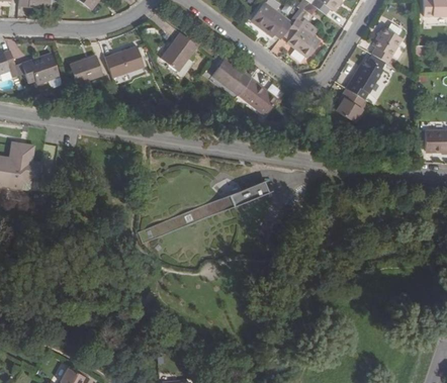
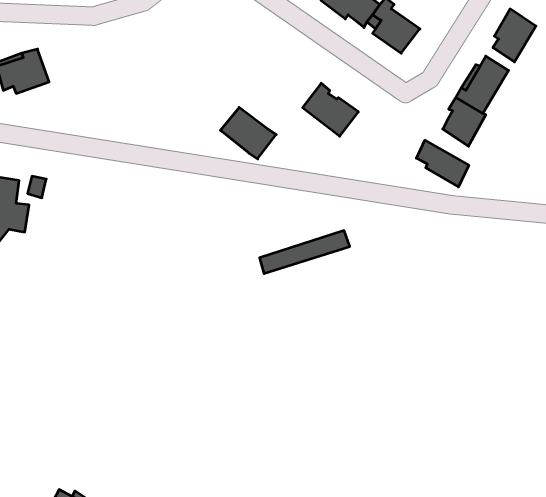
building: [160,32,195,70] -> none
building: [104,45,144,78] -> none
building: [69,56,102,84] -> none
building: [211,59,251,95] -> [220,107,276,159]
building: none -> [416,140,469,187]

